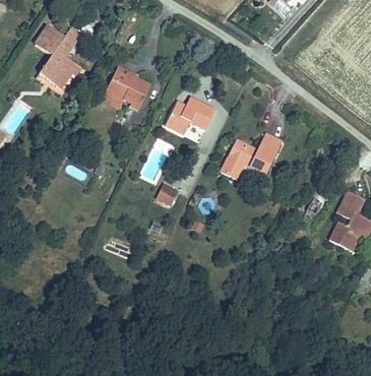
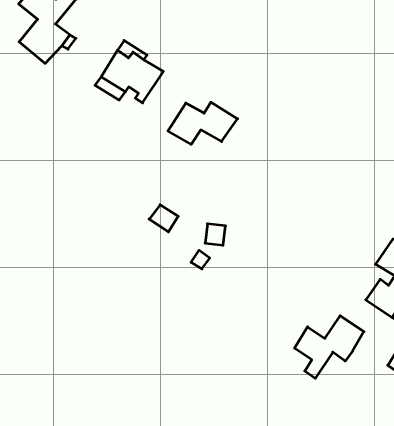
building: [221,134,284,182] -> none
building: none -> [295,316,364,378]

